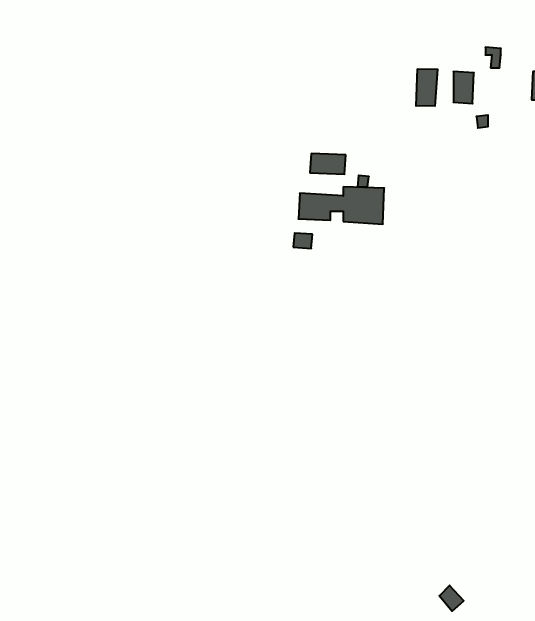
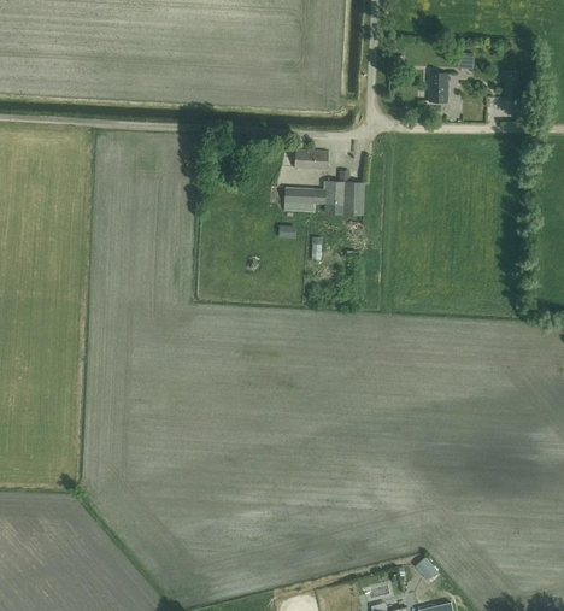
building: [416,69,438,106] -> none

